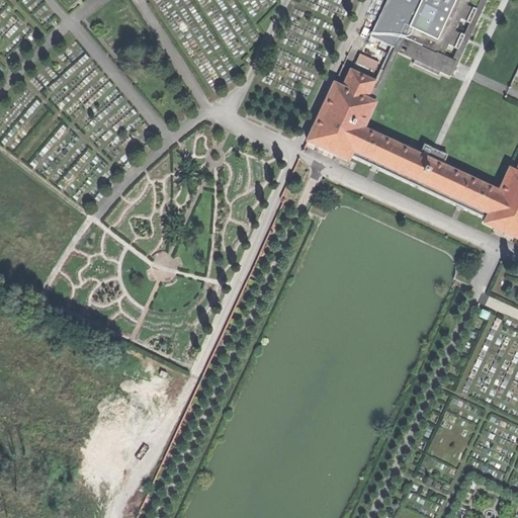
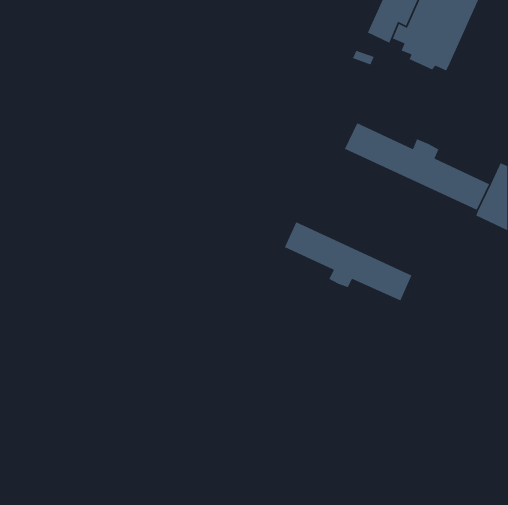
building: [308,66,375,157] -> none
building: none -> [284,221,412,302]

